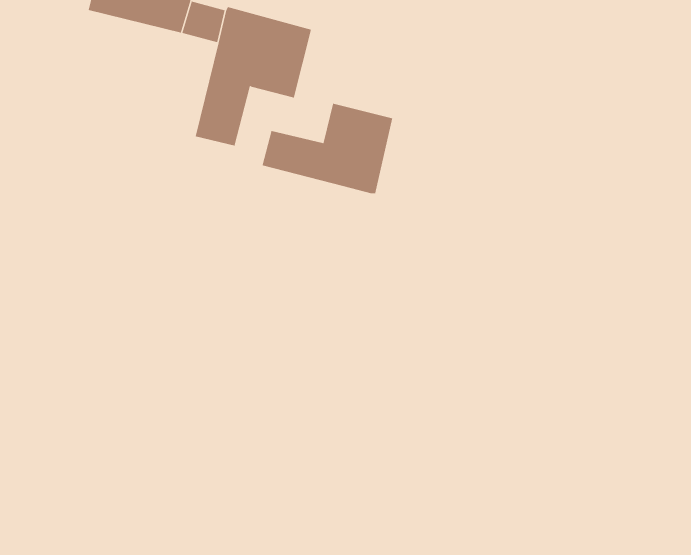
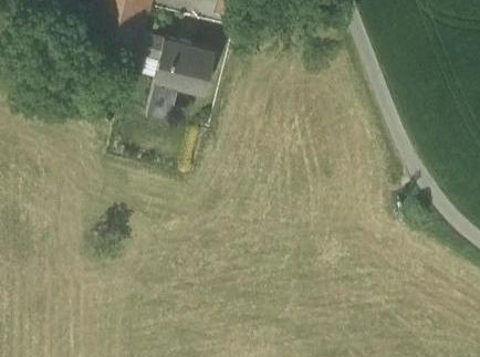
building: [262,103,393,194] -> none

